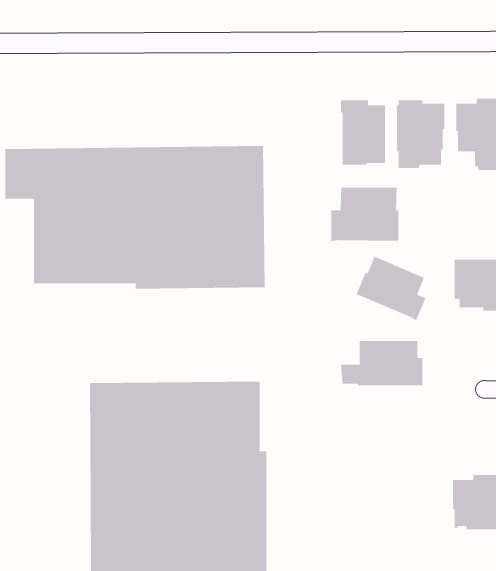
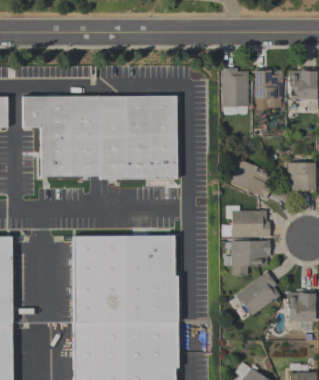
building: [330,187,399,242] -> none
building: none -> [222,240,268,276]
building: none -> [234,272,279,317]

